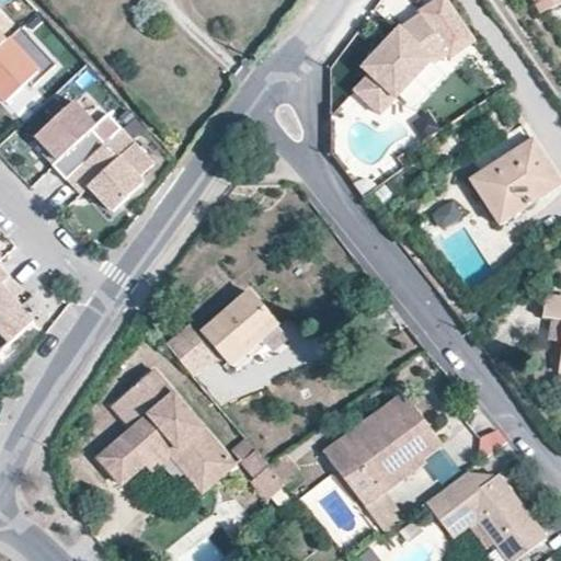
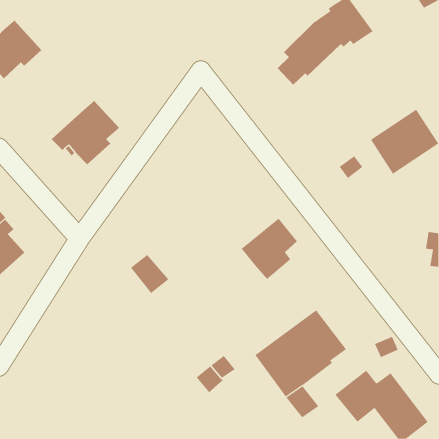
building: [33,100,102,178] -> none
building: [201,290,273,369] -> [241,218,298,280]
building: [98,367,233,493] -> none

